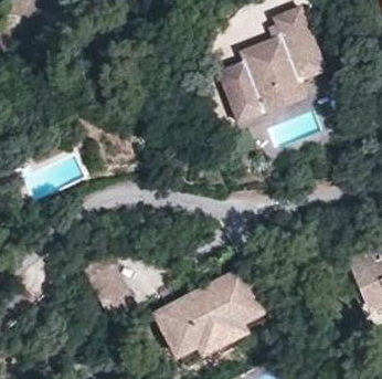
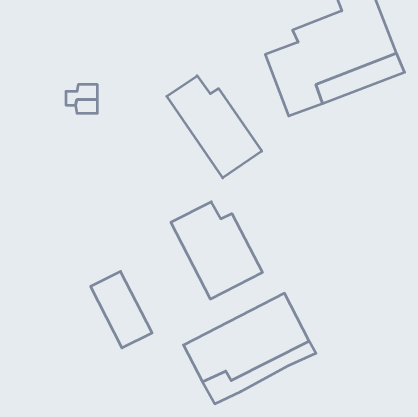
building: none -> [167,76,262,178]
building: none -> [171,202,262,299]

